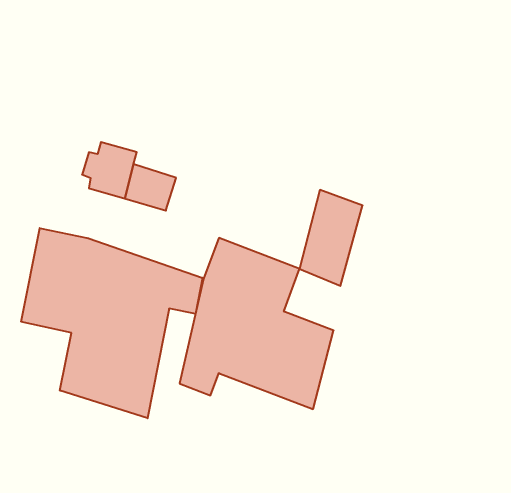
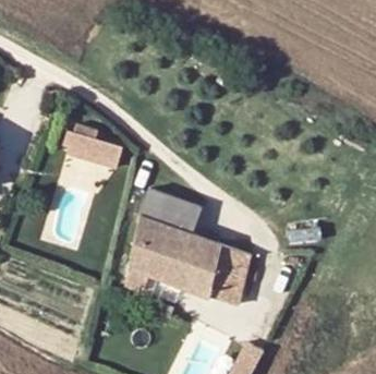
building: [299,190,363,286] -> [211,245,252,306]
building: [21,228,202,418] -> none

